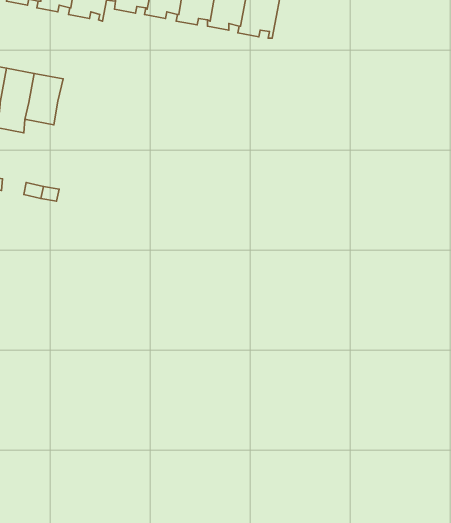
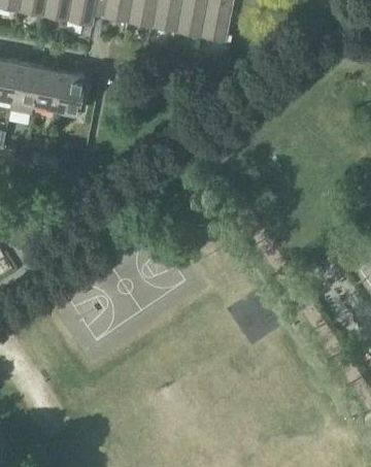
building: none -> [56,72,86,113]

